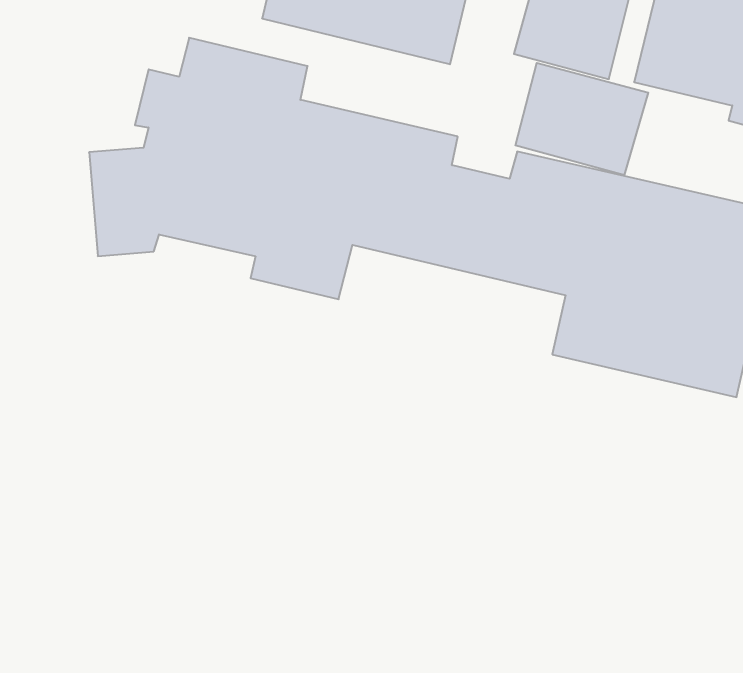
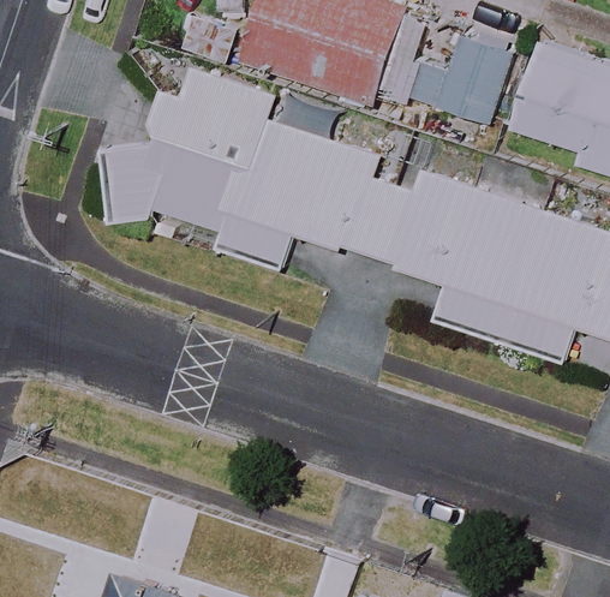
building: [515,63,648,175] -> none

